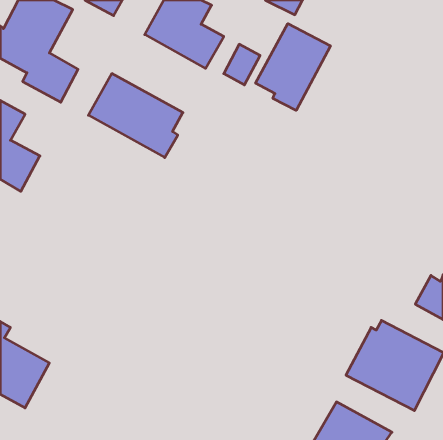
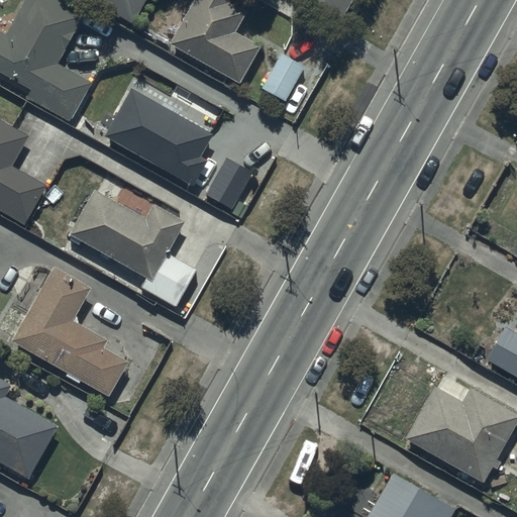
building: [256,24,330,110] -> none
building: none -> [206,157,253,219]
building: none -> [69,191,195,305]
building: none -> [11,266,129,397]

